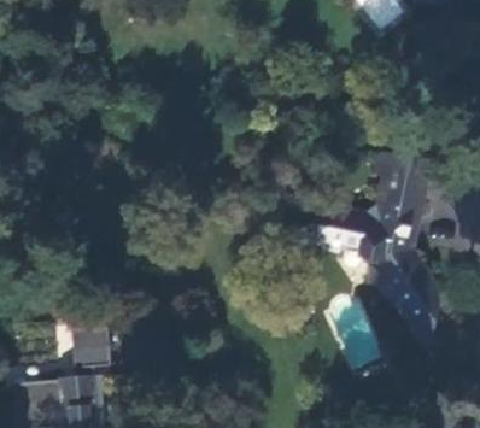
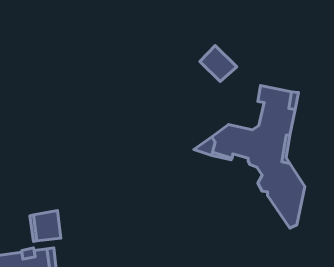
building: none -> [200,45,237,82]

